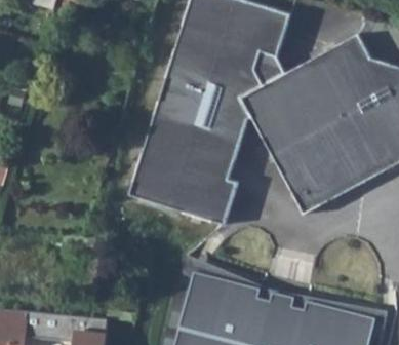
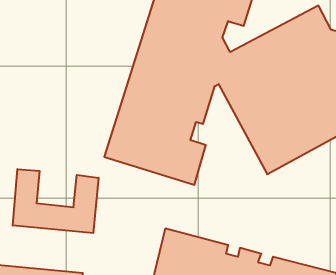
building: none -> [13,169,99,233]

